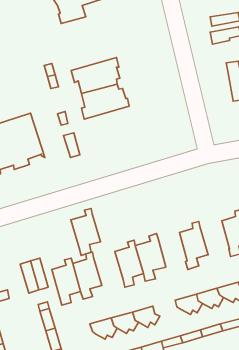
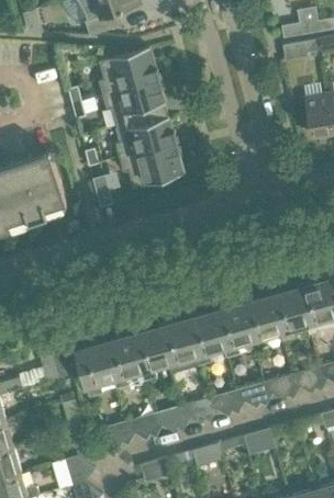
building: none -> [98,48,160,95]
building: none -> [119,142,183,189]
building: [71,209,101,256] -> [131,321,169,382]
building: none -> [268,282,307,343]
building: none -> [214,297,252,359]
building: none -> [208,391,244,417]
building: none -> [98,421,134,449]

